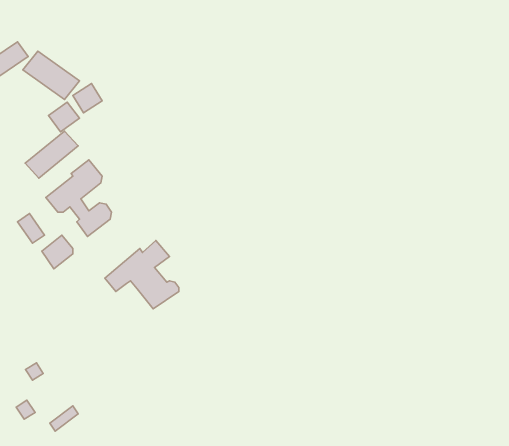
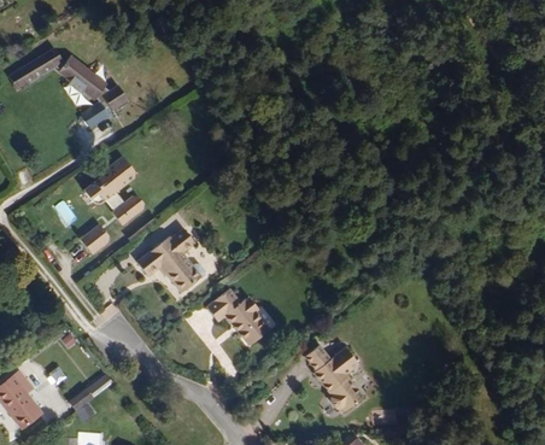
building: [25,131,78,178] -> none
building: none -> [207,287,266,341]
building: none -> [305,342,359,388]

